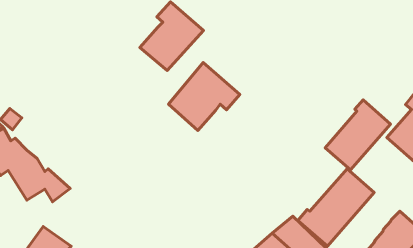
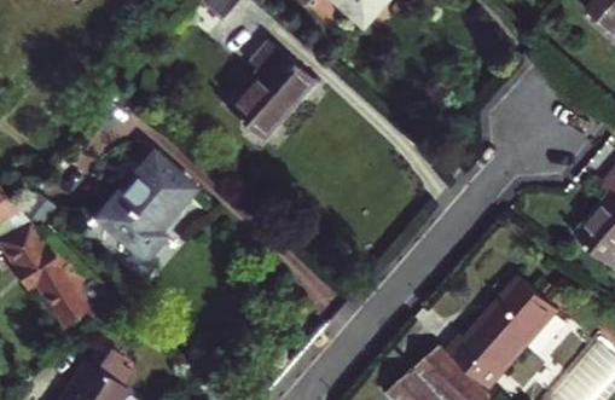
building: [168,62,240,131] -> none
building: none -> [97,151,195,257]
building: [325,100,390,170] -> none

